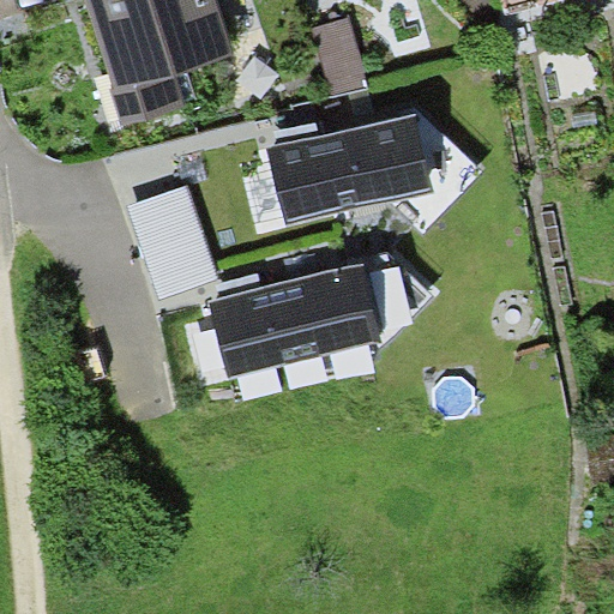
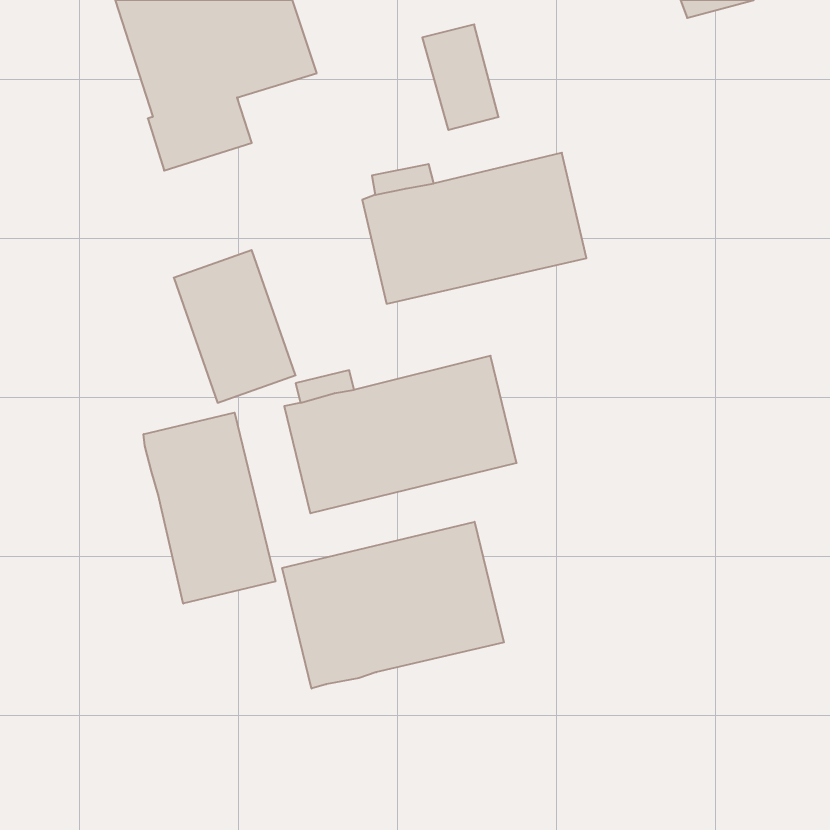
building: none -> [144,413,275,604]
building: none -> [282,522,504,689]

